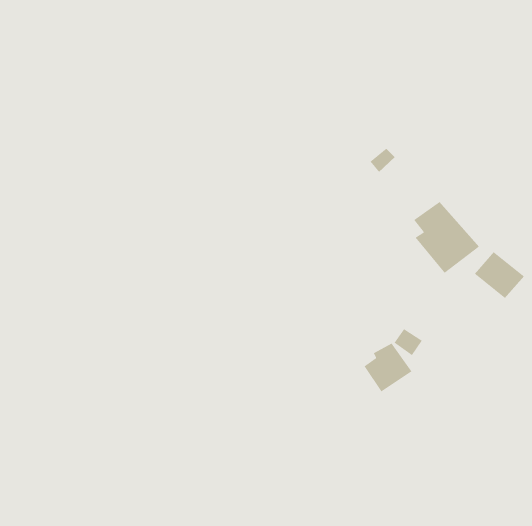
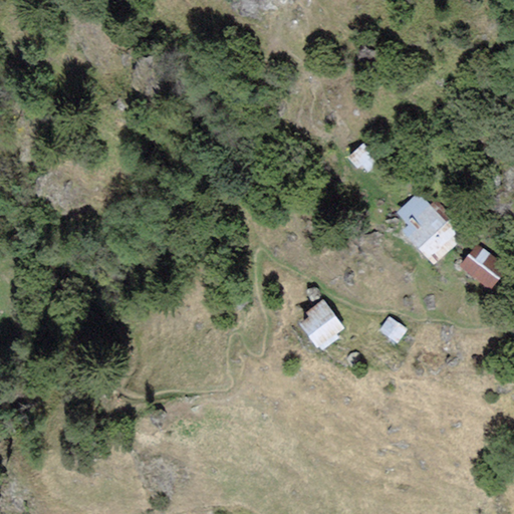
building: [364,342,413,392] -> [296,299,343,347]

